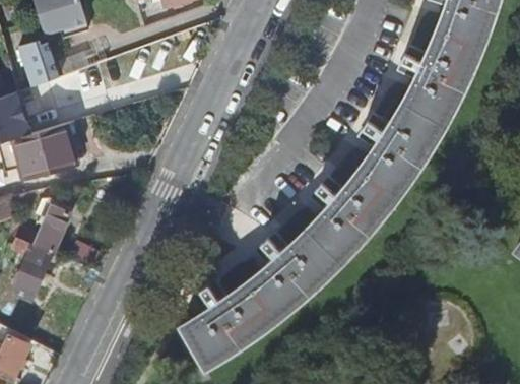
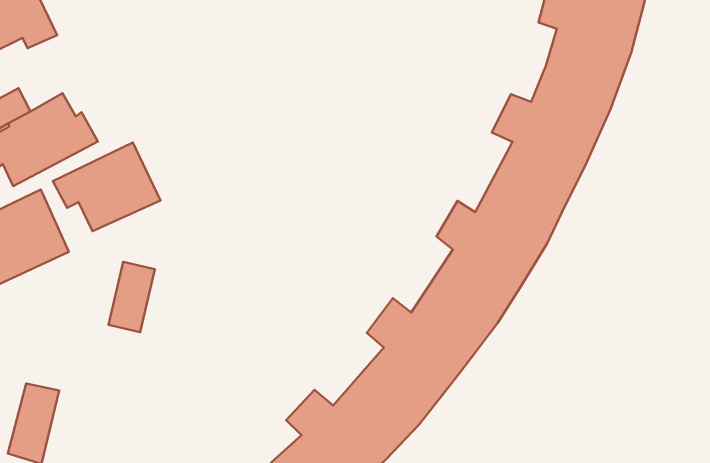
building: none -> [53,143,161,231]
building: [37,208,72,255] -> [109,262,155,332]

